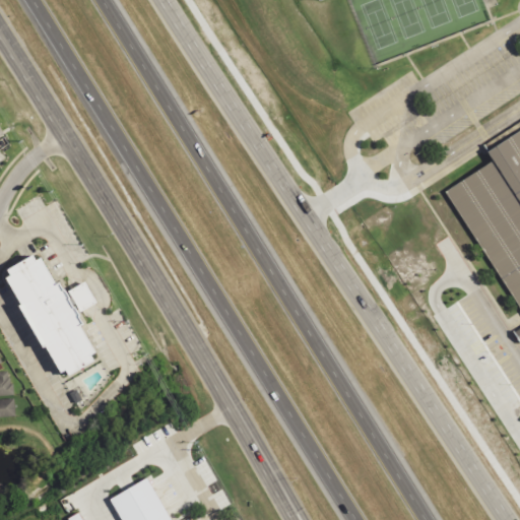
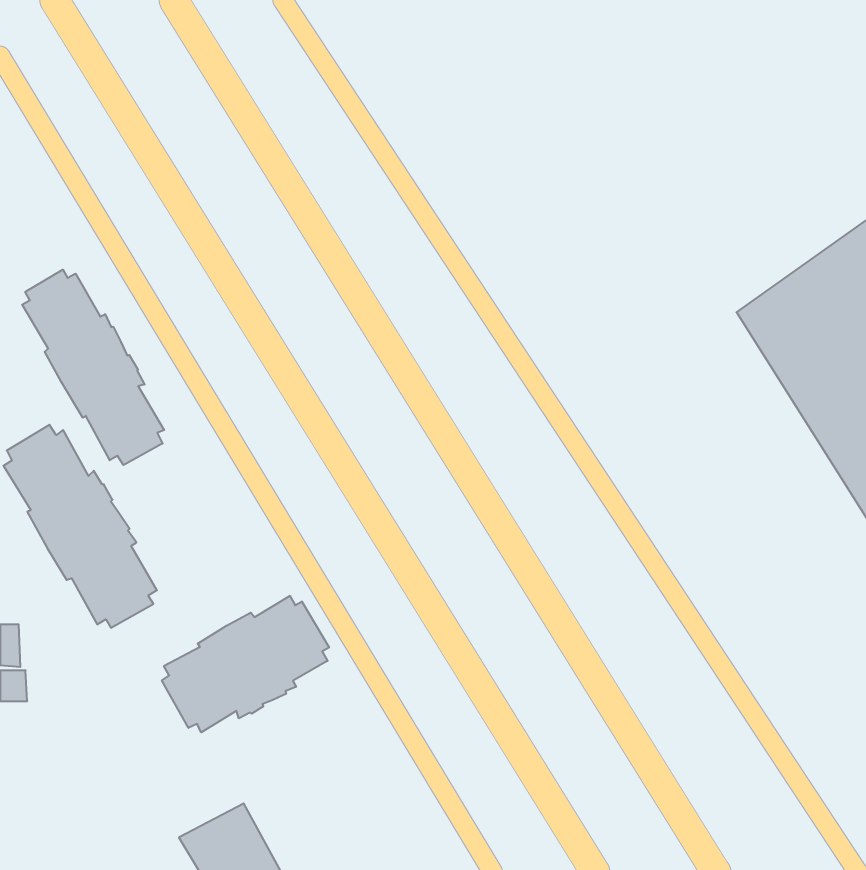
building: none -> [22,270,164,465]
building: none -> [162,596,329,732]

